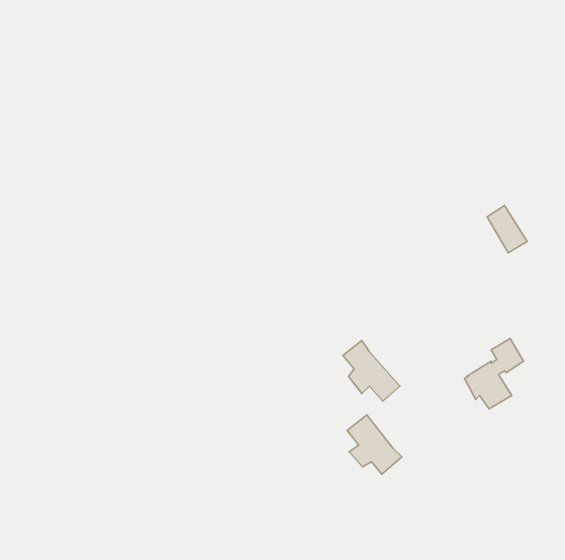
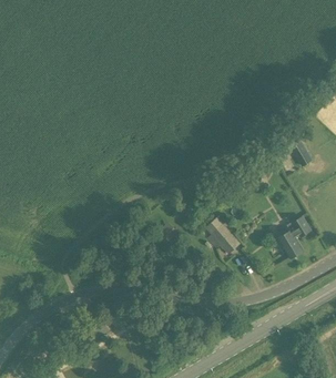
building: [347,415,402,474] -> none

